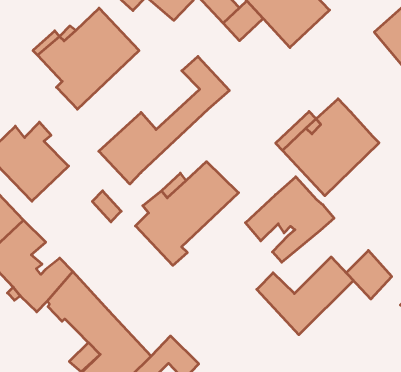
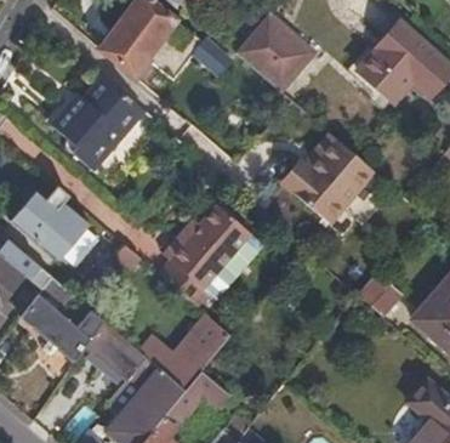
building: [99,56,229,184] -> none
building: [245,177,334,262] -> none
building: [257,257,353,335] -> [142,317,230,392]

